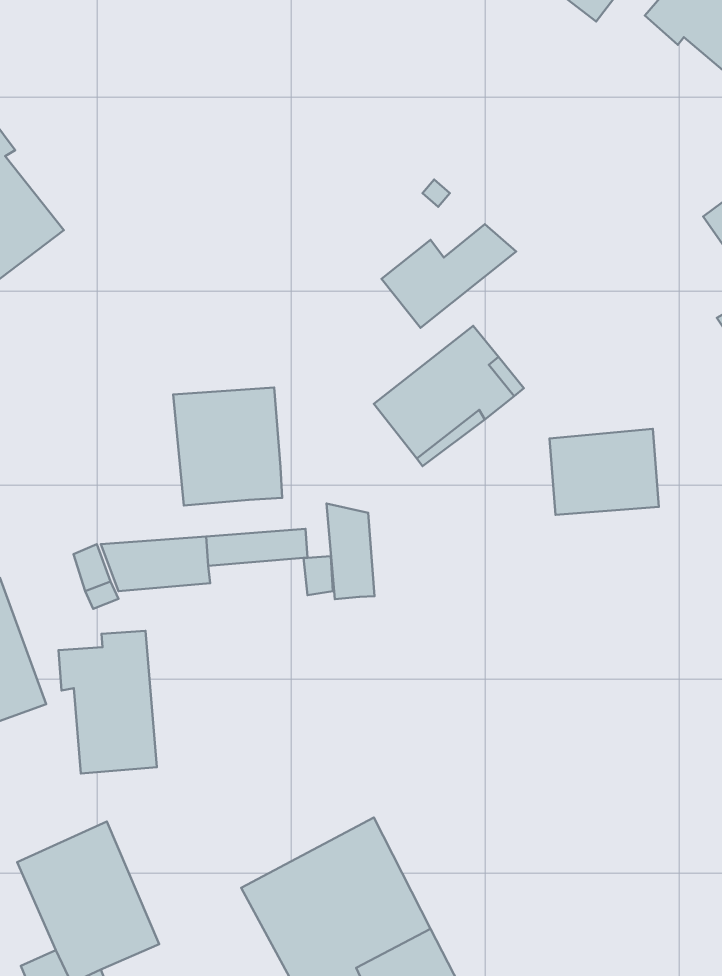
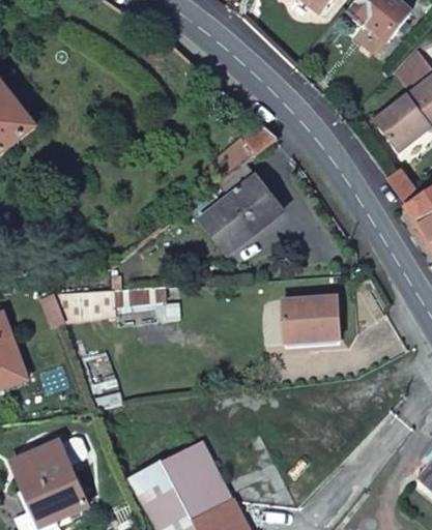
building: [173,387,282,506] -> none
building: [550,429,659,515] -> [280,294,338,340]
building: [326,504,374,599] -> none
building: [59,631,157,774] -> none

